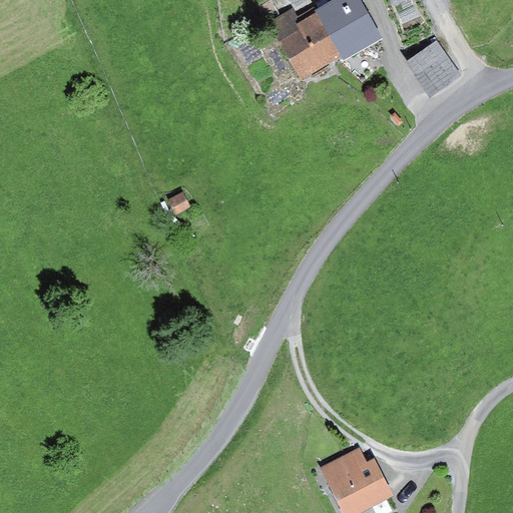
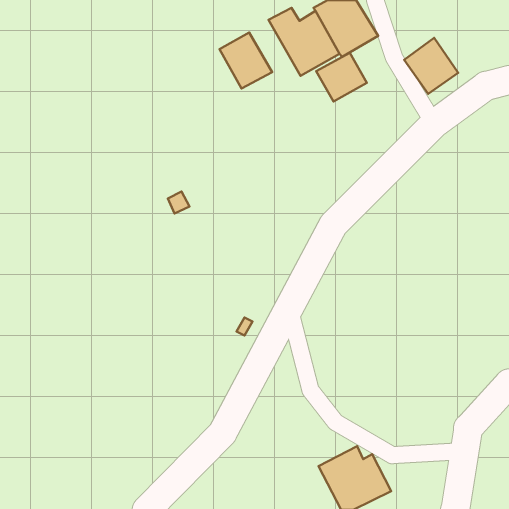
building: none -> [219,32,272,89]
building: none -> [316,53,367,101]

